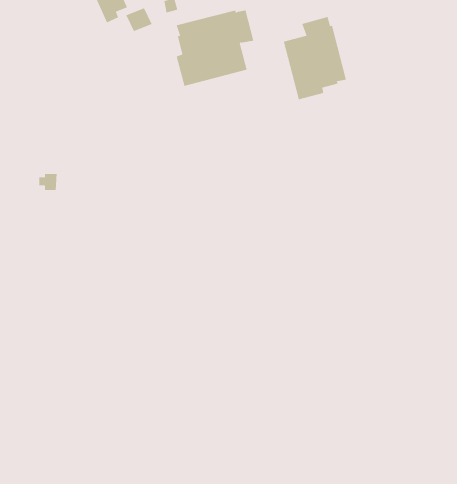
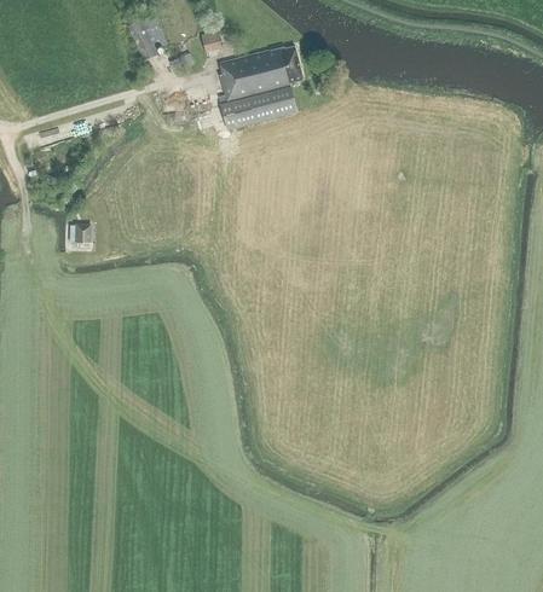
building: [283,16,346,100] -> none

